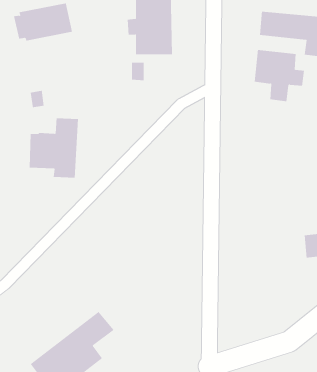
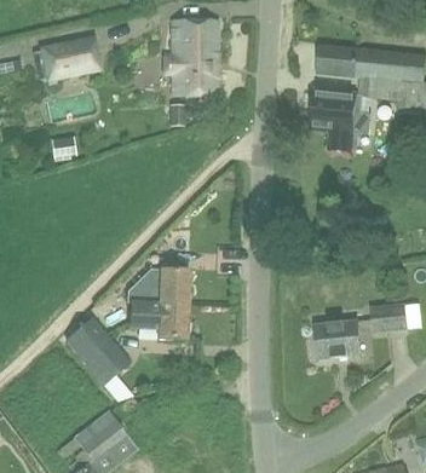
building: [29,118,79,178] -> [131,269,189,339]
building: none -> [65,317,129,400]
building: none -> [315,321,361,358]

